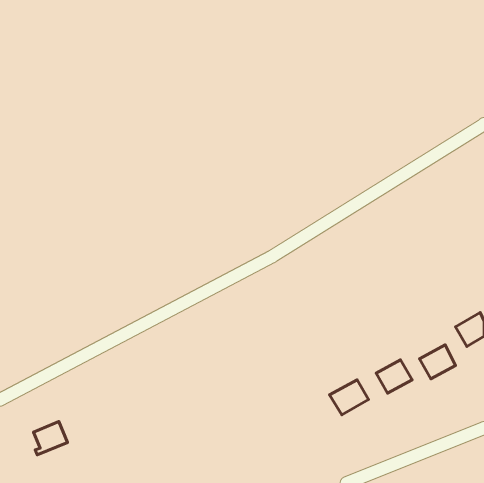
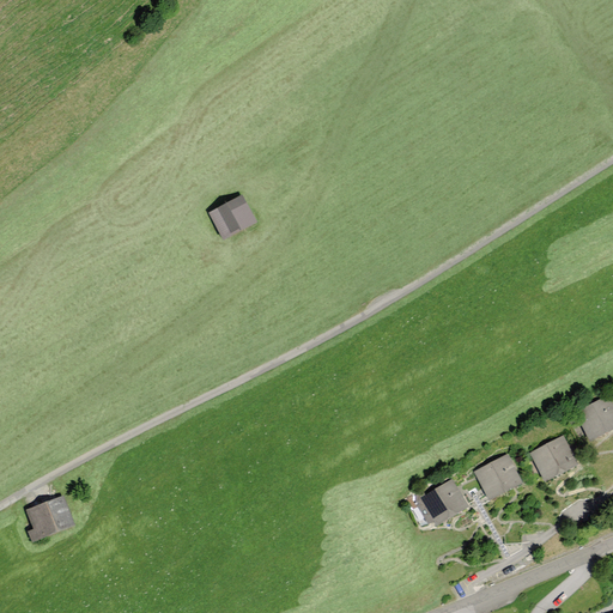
building: none -> [211,196,255,236]
building: [33,422,68,455] -> [29,496,72,538]

